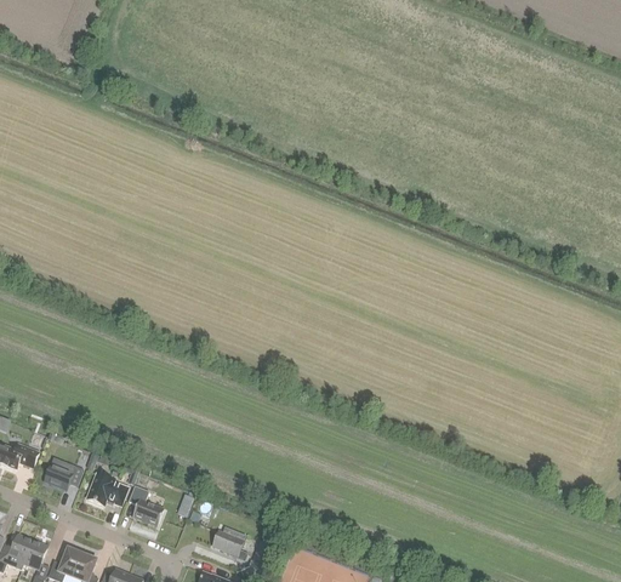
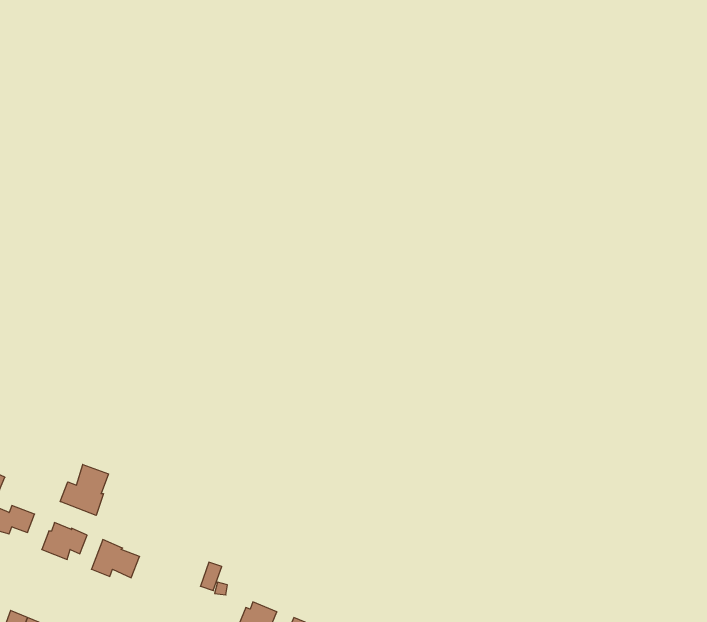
building: none -> [60,464,109,515]
building: [127,484,164,525] -> none

